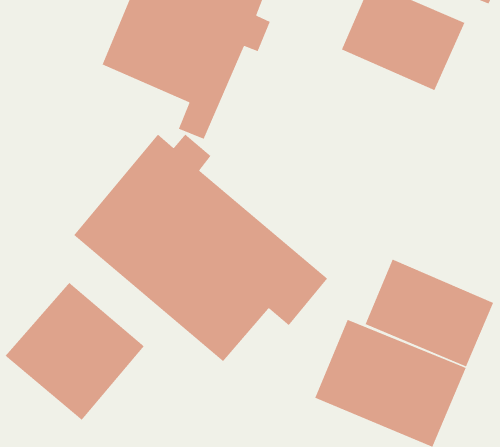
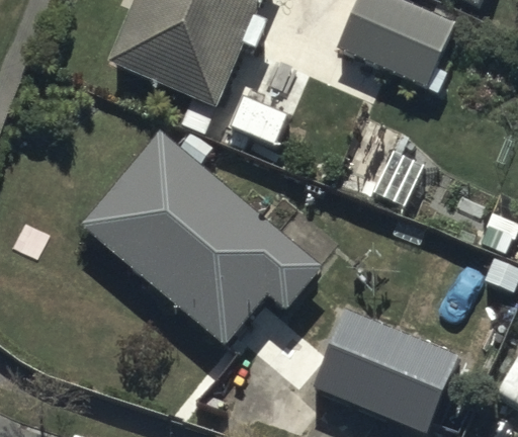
building: [365,258,494,367] -> none
building: [5,282,145,421] -> none

